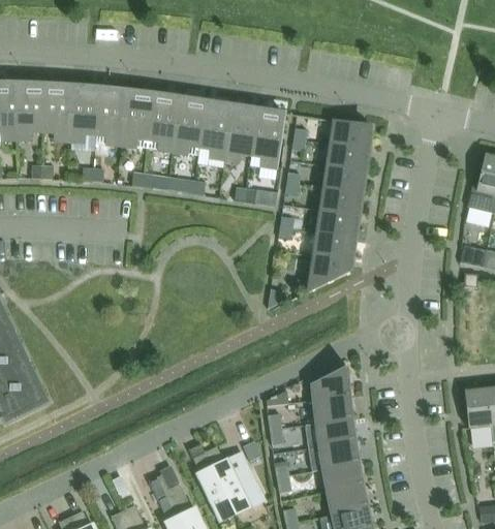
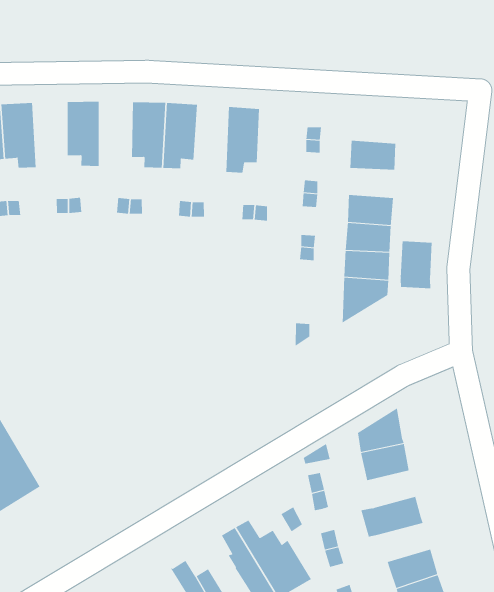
building: [69,87,99,142] -> none
building: [121,91,153,146] -> none
building: [199,101,231,159] -> none
building: [251,110,284,166] -> none
building: [330,121,370,149] -> none
building: [323,165,364,193] -> none
building: none -> [400,240,432,289]
building: [316,418,355,446] -> none
building: [322,463,364,492] -> none

